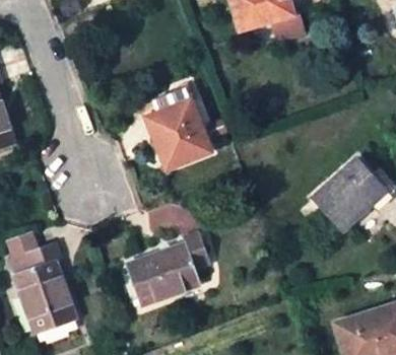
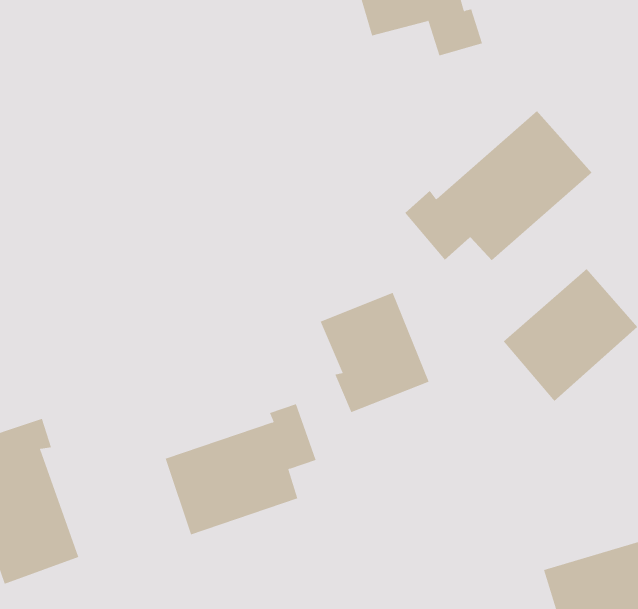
building: none -> [404,110,592,261]
building: [150,101,211,168] -> [320,292,430,413]

